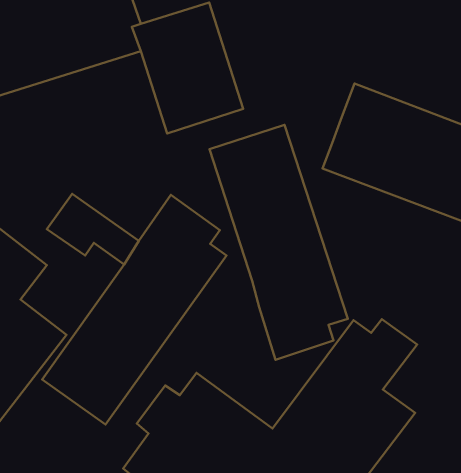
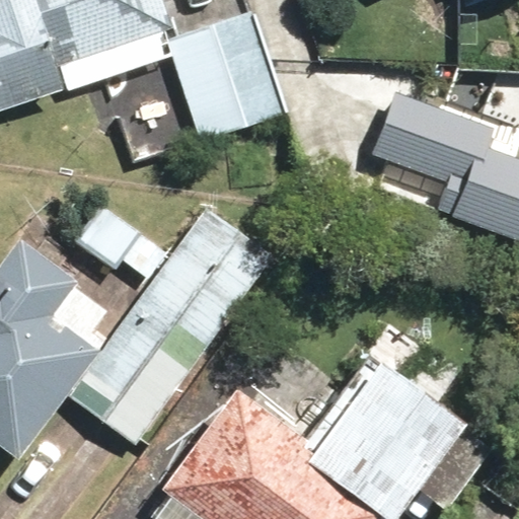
building: [210,125,348,360] -> none

